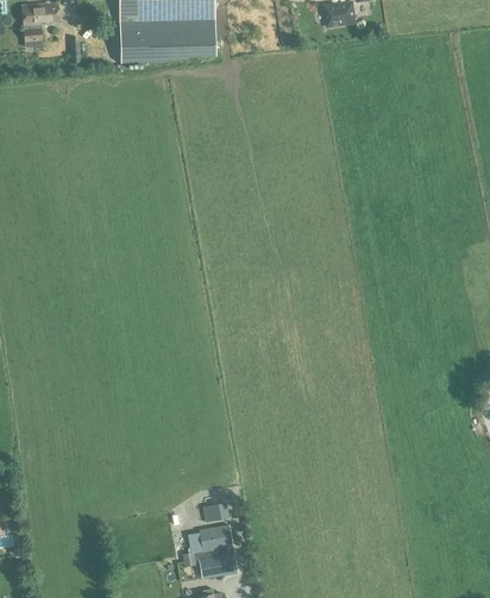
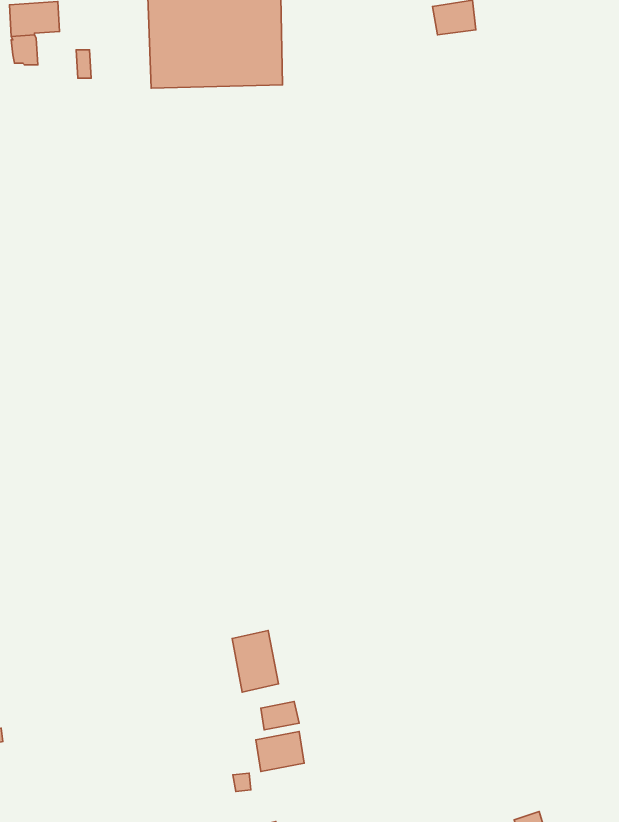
building: none -> [232,630,278,692]
building: [197,550,237,577] -> none

